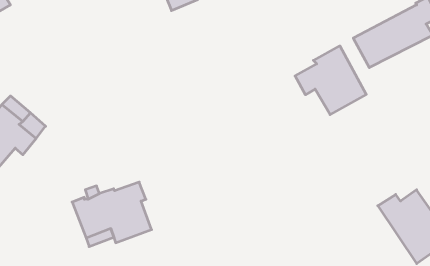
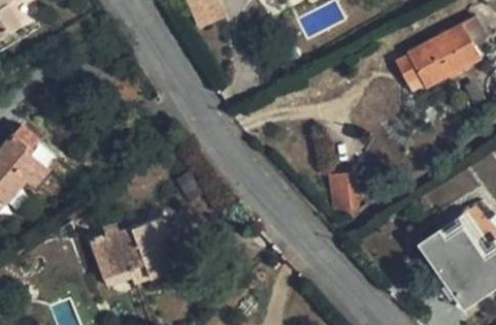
building: [295,46,366,115] -> none
building: none -> [329,172,358,213]

